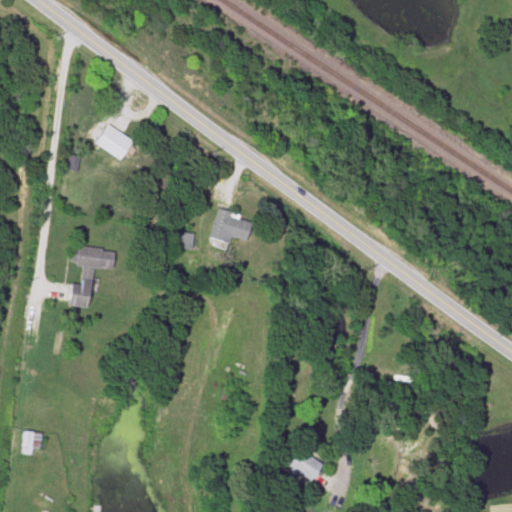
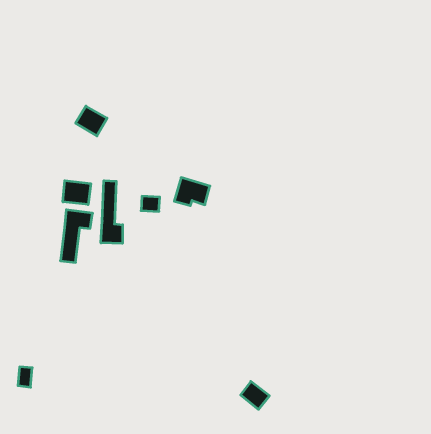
building: none -> [101,181,123,243]
building: none -> [63,181,91,205]

